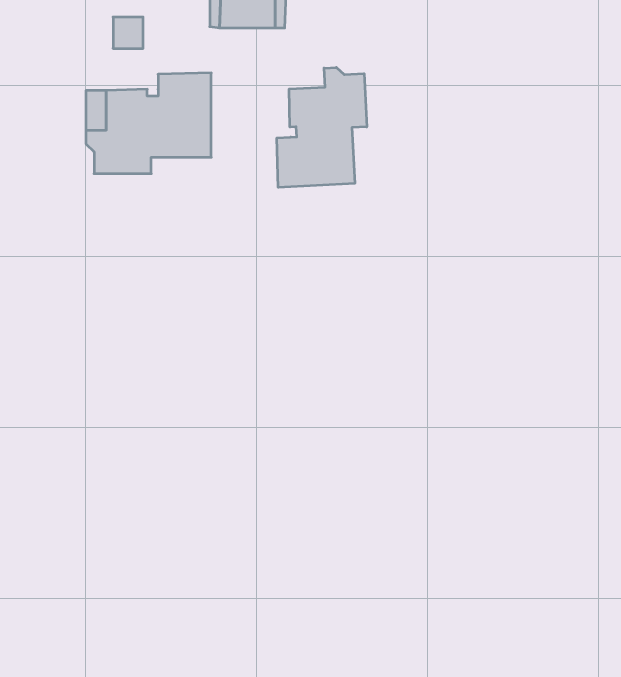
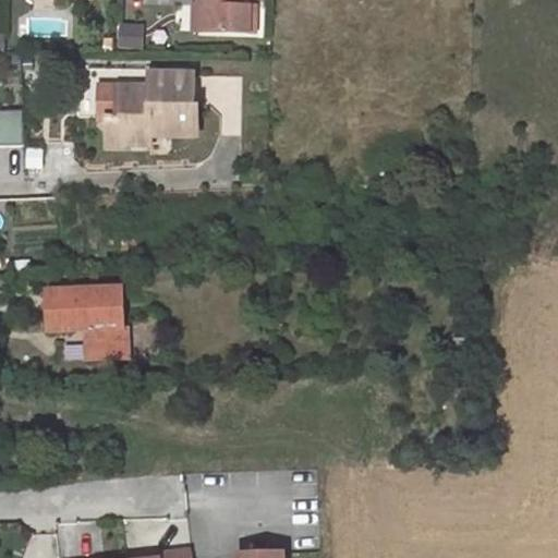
building: [277,67,367,187] -> none
building: none -> [48,288,123,357]

